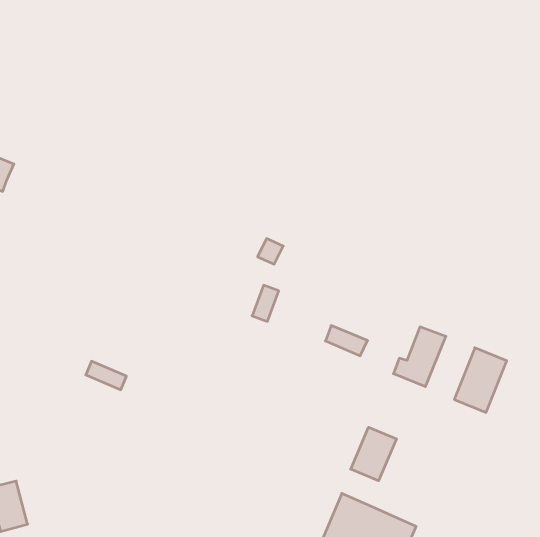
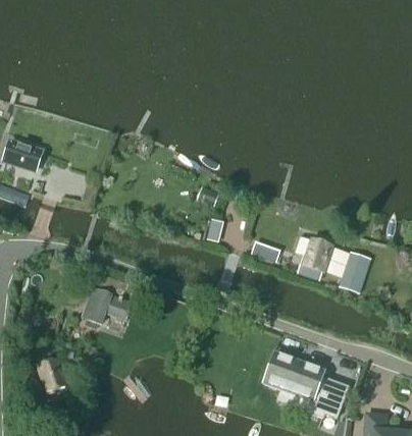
building: none -> [83,288,132,323]
building: [351,427,396,481] -> none

